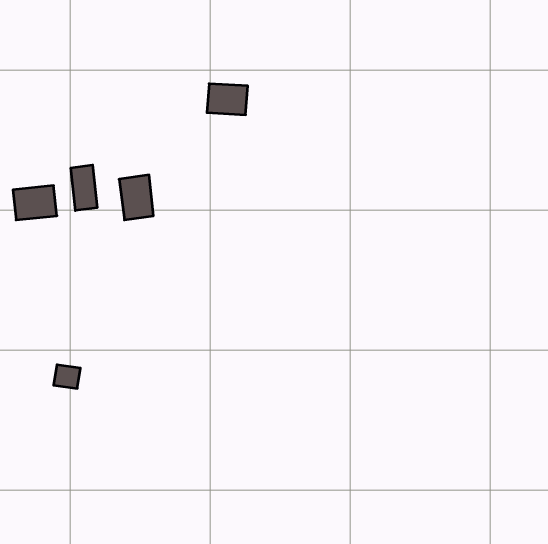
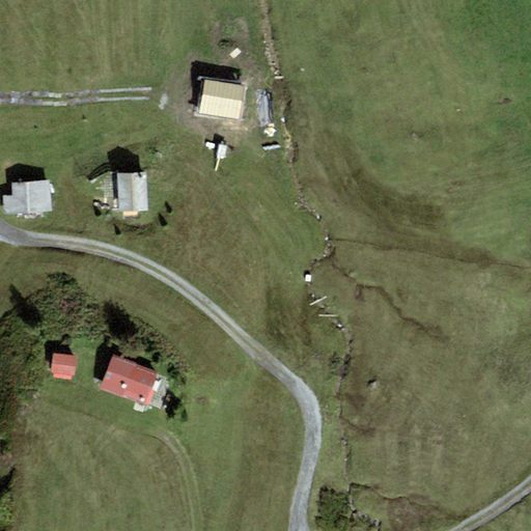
building: [71,165,97,211] -> none
building: none -> [100,358,157,403]

